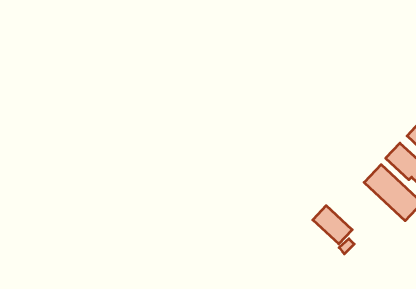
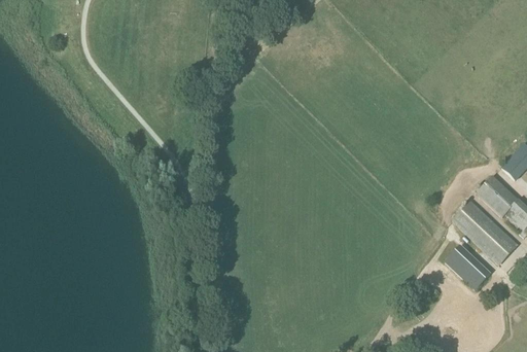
building: [313,206,352,244] -> [446,246,491,290]

